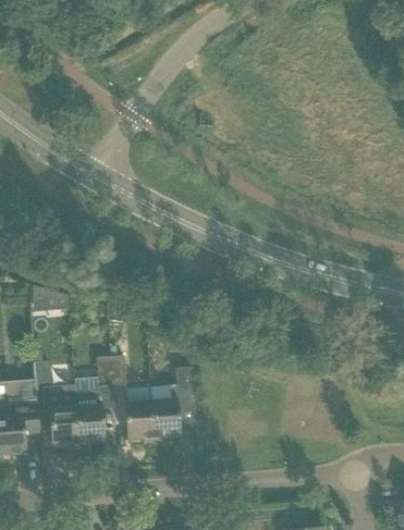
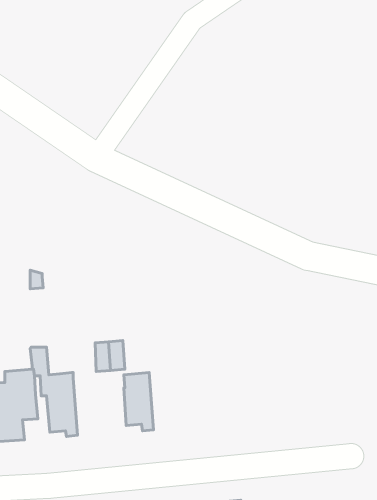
building: [151,367,197,443] -> none
building: [75,390,107,448] -> none

